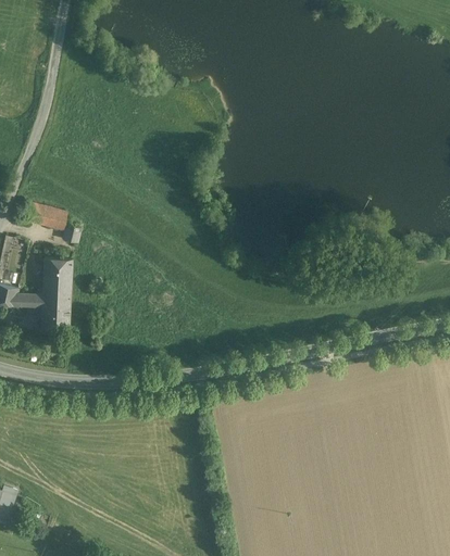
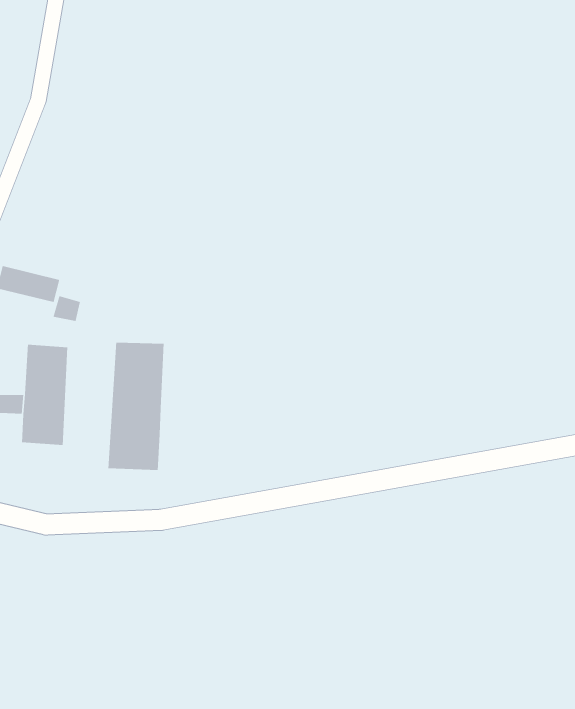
building: none -> [108,342,165,471]

